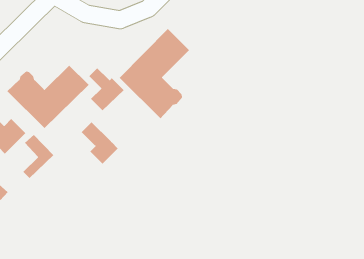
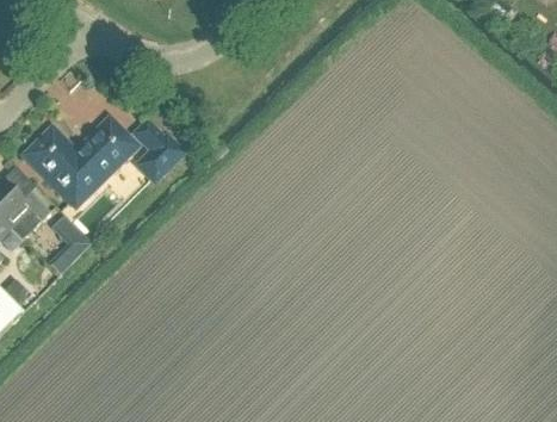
building: [119,28,190,119] -> none
building: [81,122,119,164] -> none

